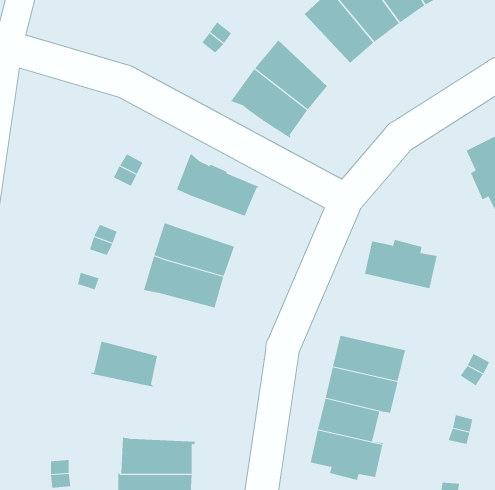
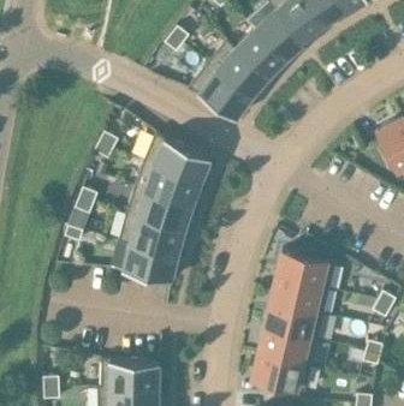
building: none -> [226,23,284,80]
building: none -> [135,163,200,209]
building: [364,239,438,289] -> [275,252,334,292]
building: [90,341,158,387] -> [121,246,176,283]

